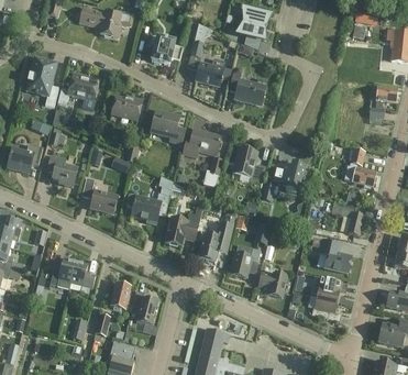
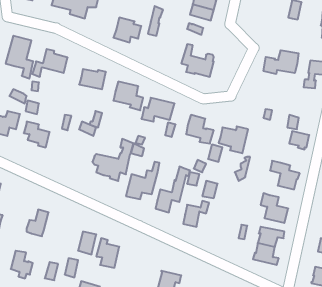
building: [195,62,231,87] -> none
building: none -> [264,50,299,74]
building: [81,177,118,213] -> none
building: [70,261,96,293] -> [11,251,33,278]
building: [258,272,287,297] -> none

